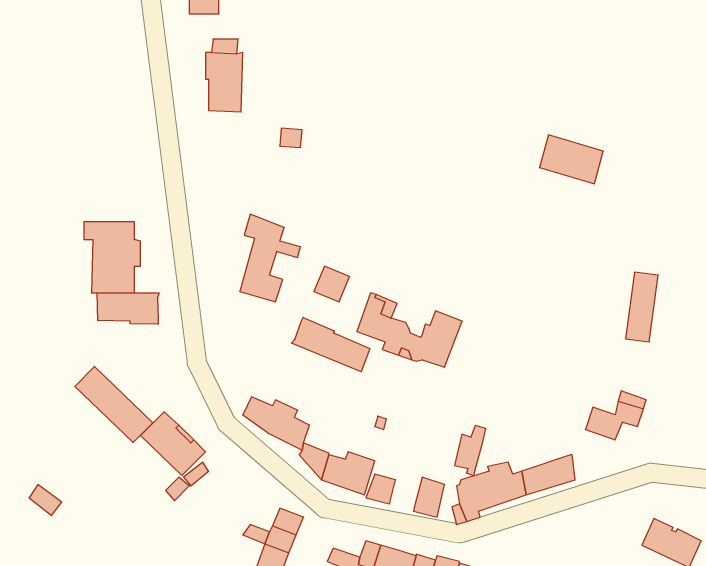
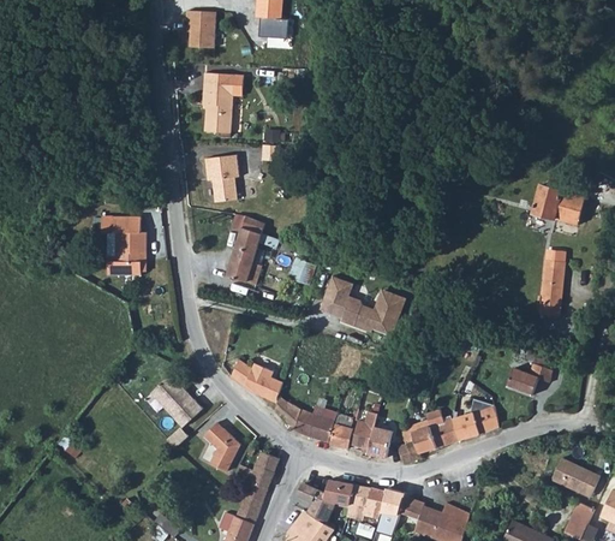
building: [539,135,603,184] -> [533,185,585,225]
building: none -> [203,154,235,201]
building: [97,293,159,324] -> none
building: [291,317,370,372] -> none
building: [75,366,153,443] -> none
building: [455,425,486,476] -> [352,412,377,453]
building: none -> [203,418,238,468]

